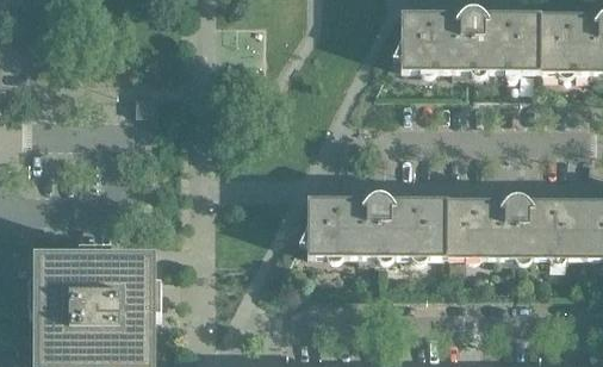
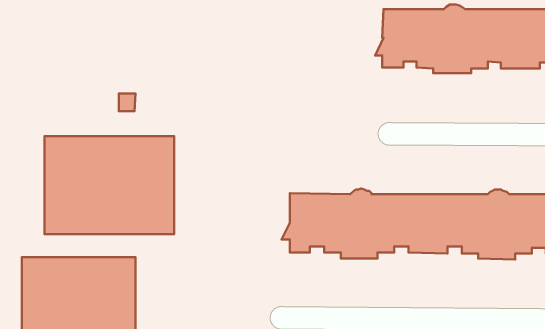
building: none -> [45,136,174,234]

